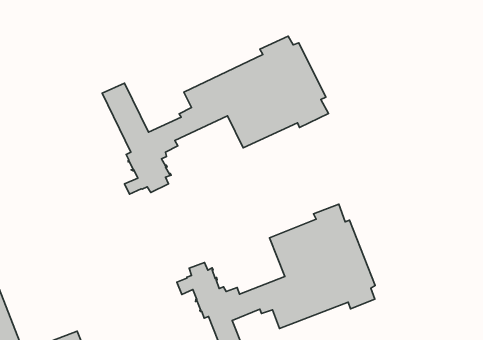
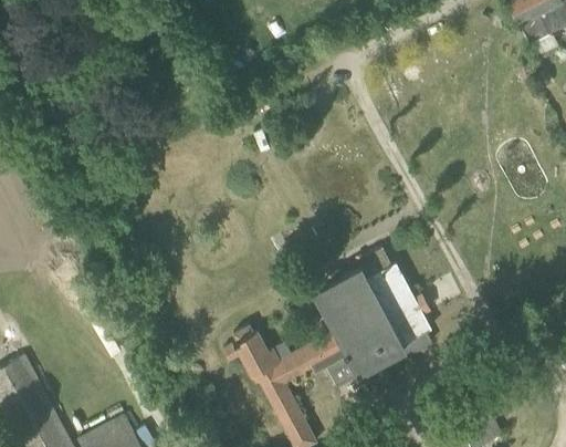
building: [102,36,329,194] -> none

